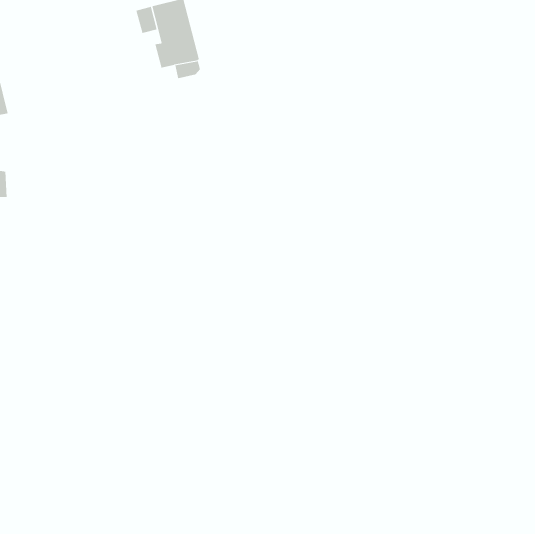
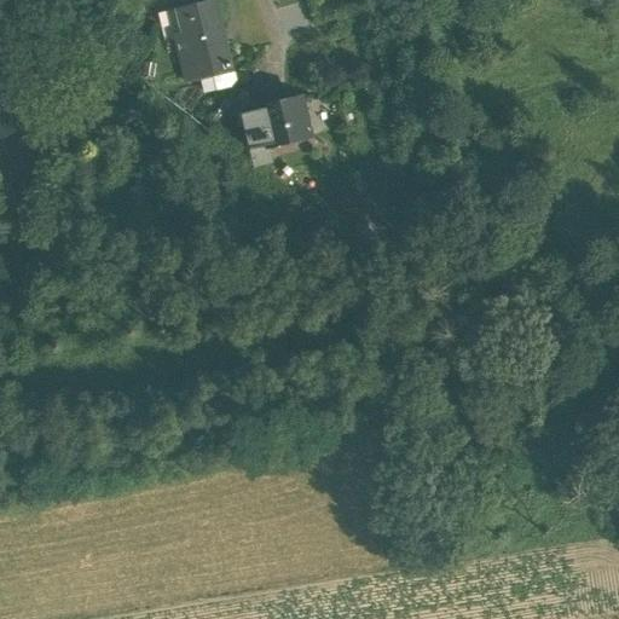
building: none -> [242,94,310,147]

